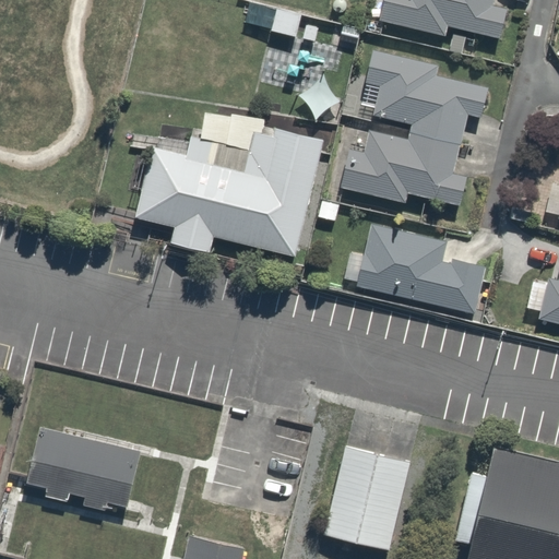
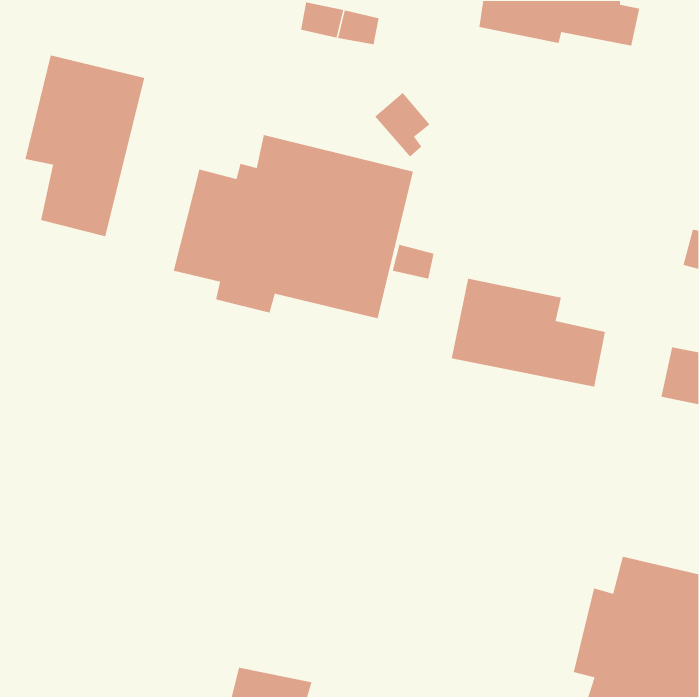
building: none -> [25,54,145,237]
building: [340,48,491,206] -> none
building: [29,428,143,513] -> none
building: [324,445,412,550] -> none

